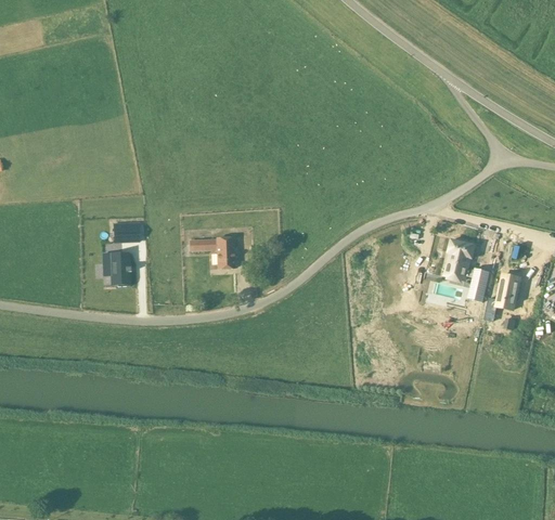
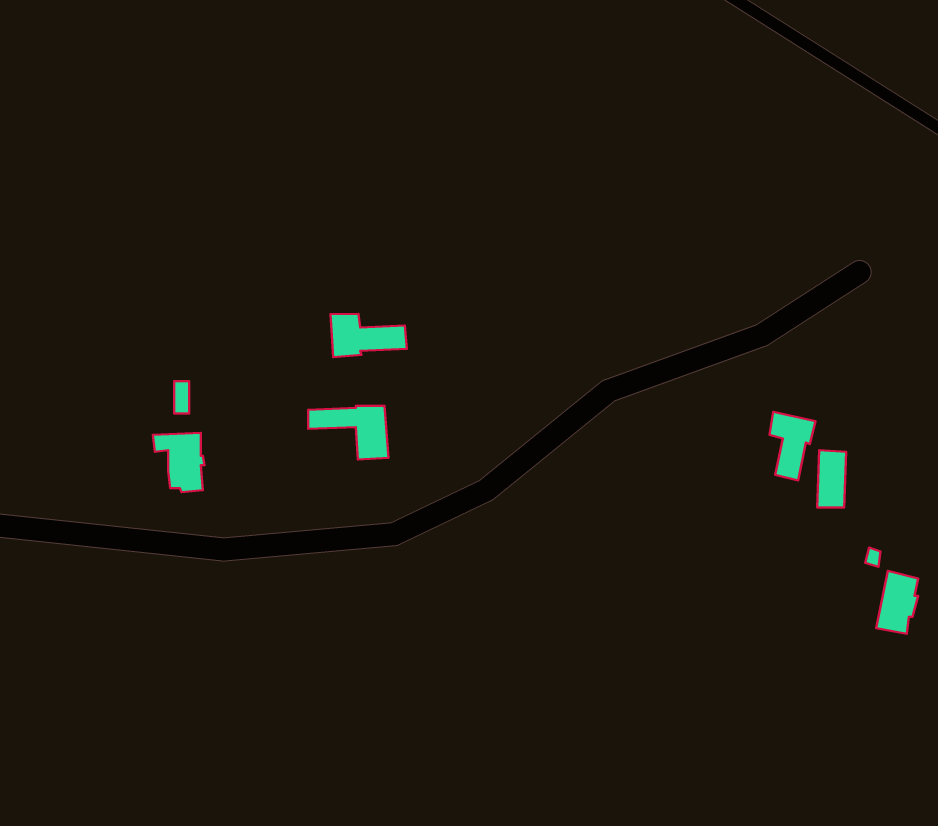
building: none -> [331,314,407,357]
building: [495,273,519,309] -> [876,571,918,634]

